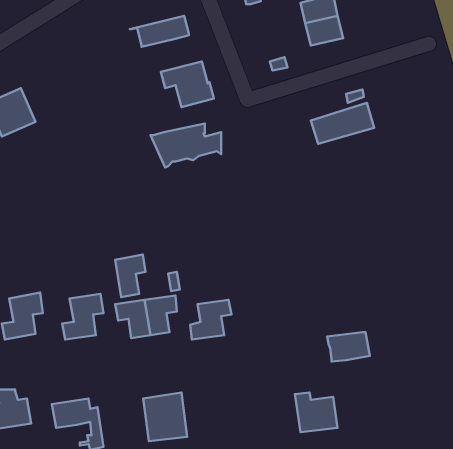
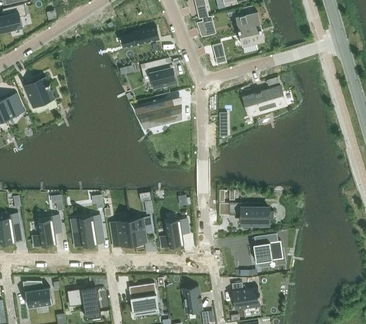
building: [115,255,145,297] -> none
building: none -> [229,203,273,225]
building: none -> [182,287,201,313]

